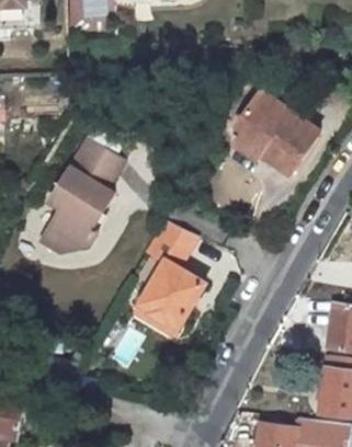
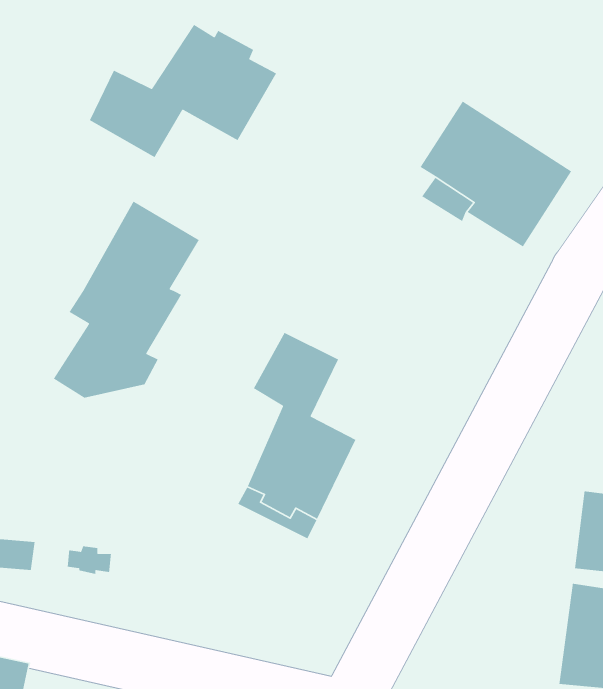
building: none -> [89,24,277,158]

